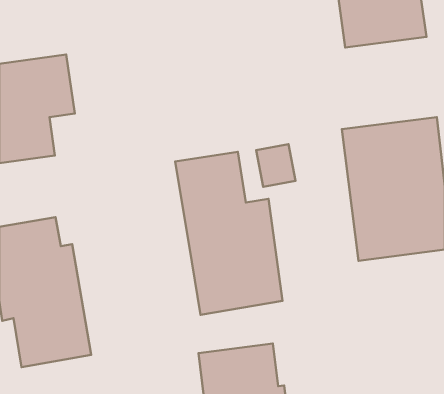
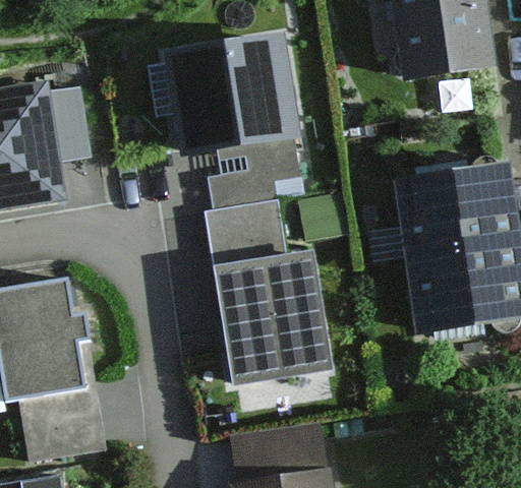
building: none -> [162,38,302,205]

